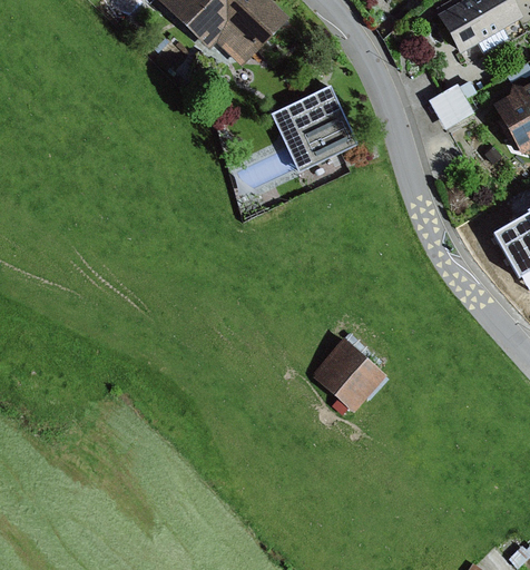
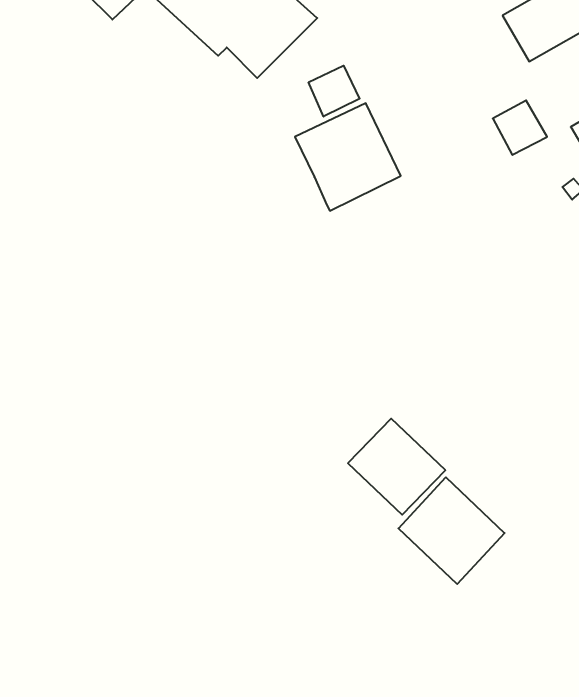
building: none -> [309,66,360,117]
building: none -> [398,477,505,584]

